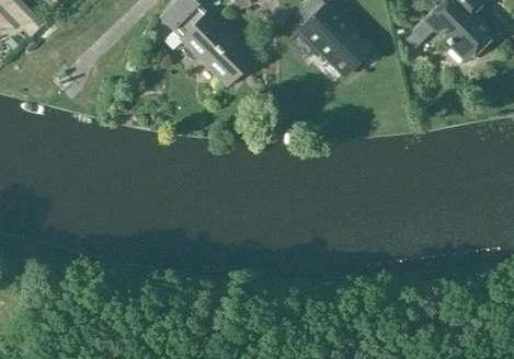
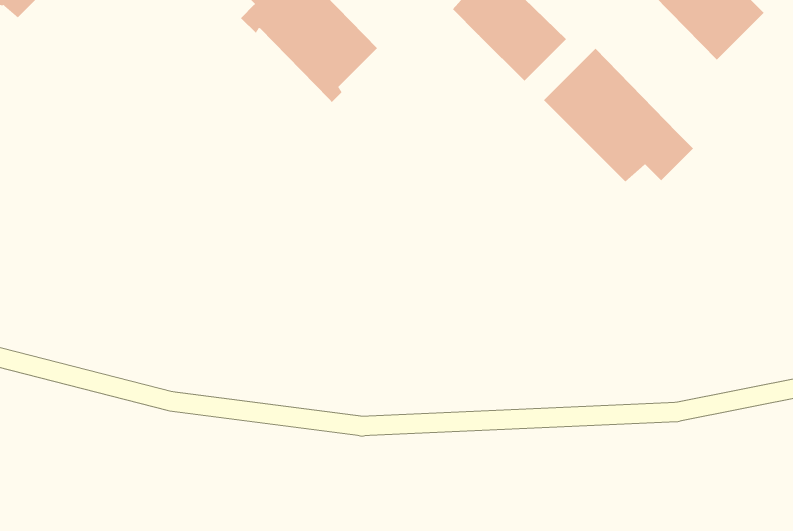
building: none -> [543,48,694,183]

